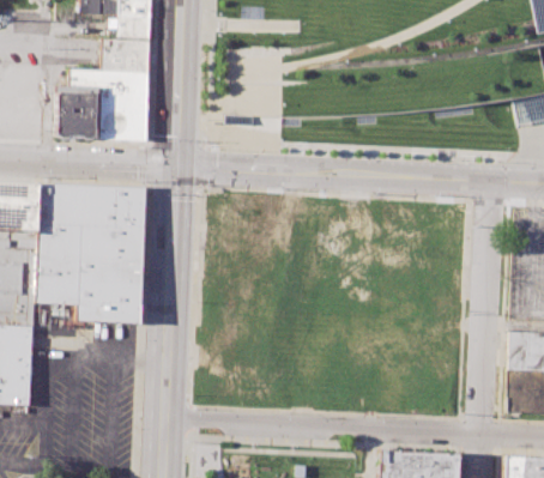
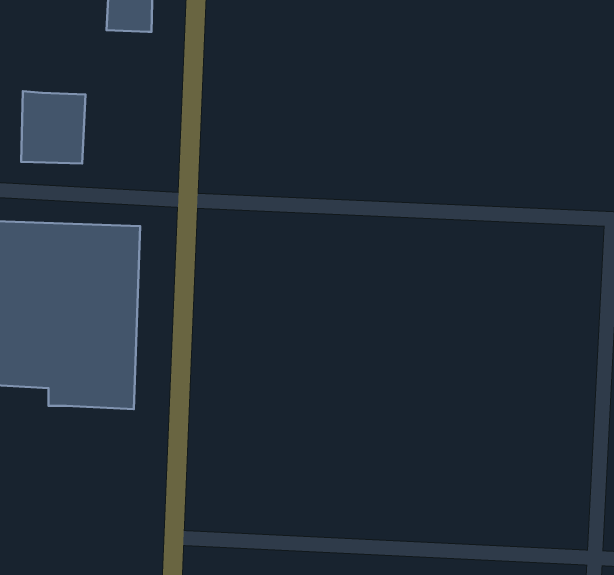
building: [71,38,150,141] -> none

